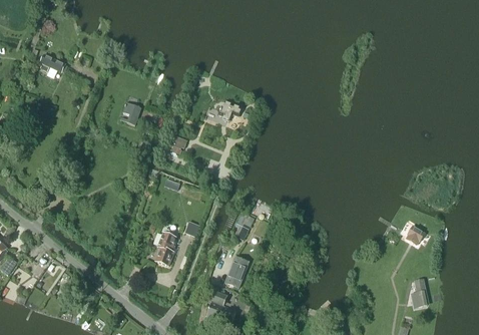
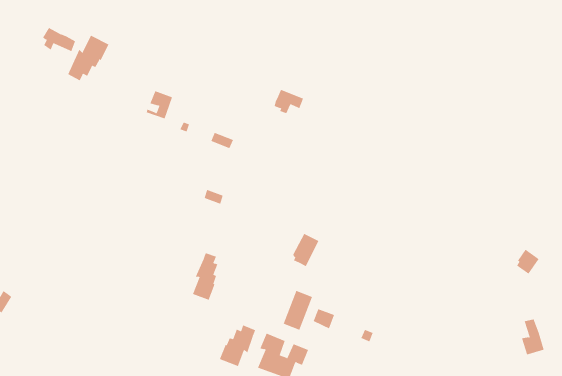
building: none -> [67,35,109,81]
building: none -> [219,324,256,367]

